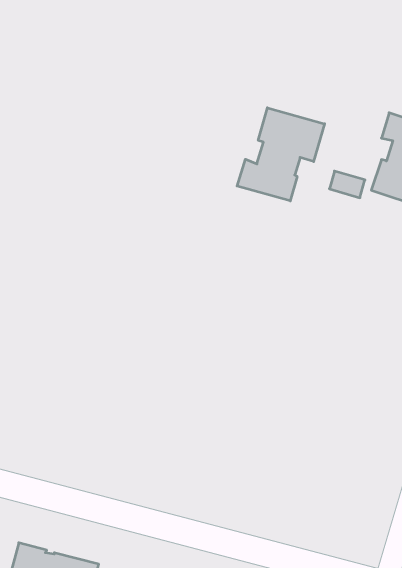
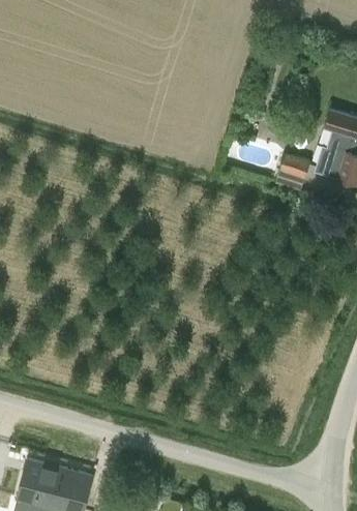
building: [237,108,325,201] -> none

